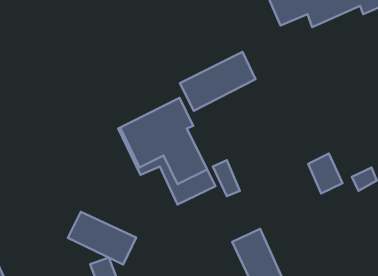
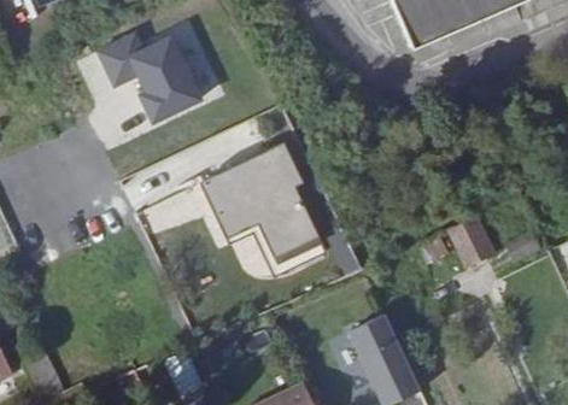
building: none -> [99,33,201,121]
building: [180,52,255,111] -> none
building: [68,212,136,264] -> none

